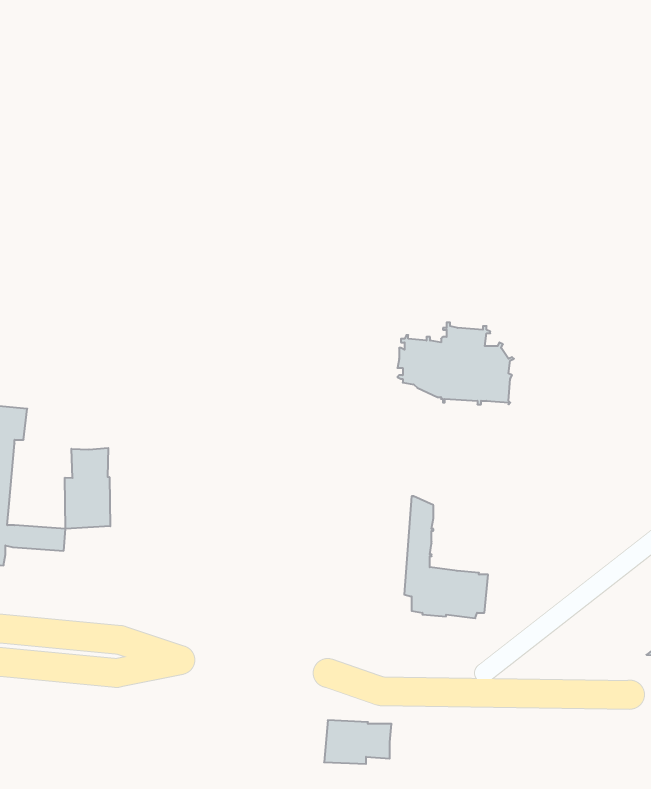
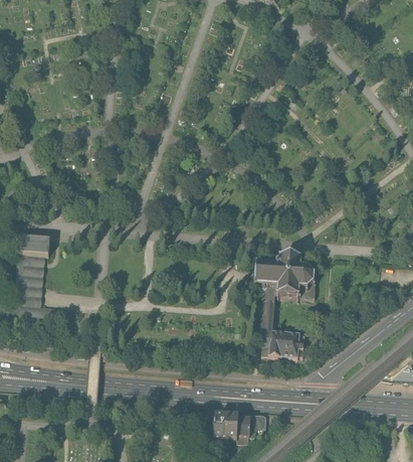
building: [397,322,514,404] -> [253,253,318,298]
building: [65,448,110,529] -> none

